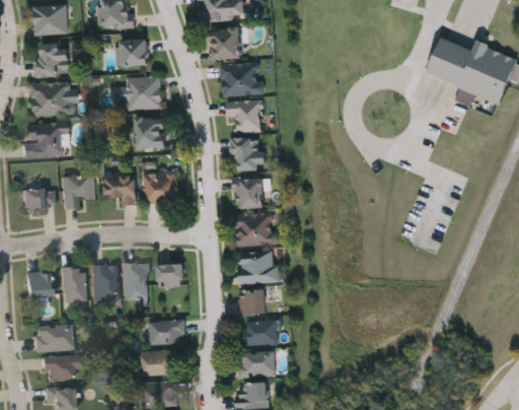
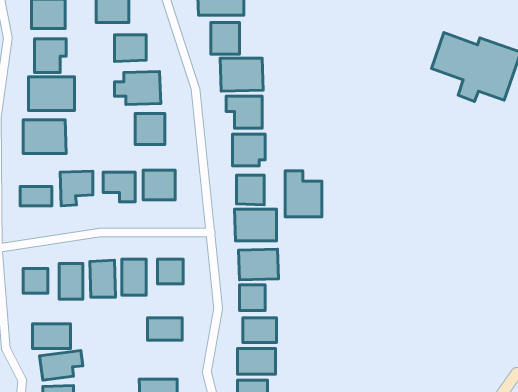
building: none -> [285,171,322,217]
building: [139,350,176,375] -> none

